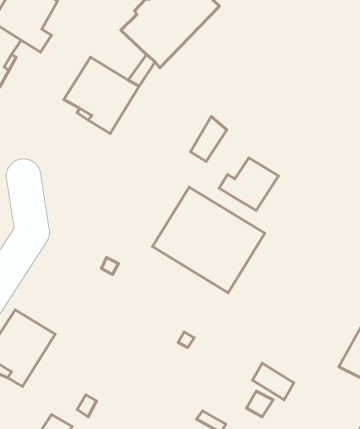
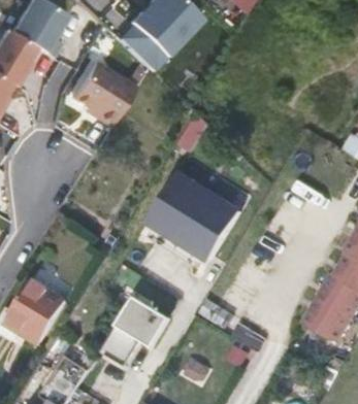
building: [219,158,278,211] -> none
building: none -> [101,296,170,366]

